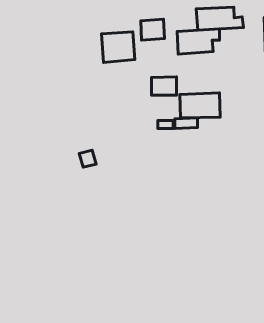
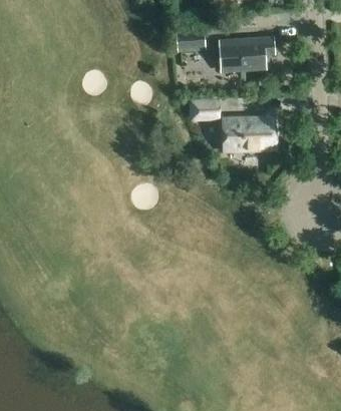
building: [196,7,243,30] -> none
building: [101,32,135,62] -> none

